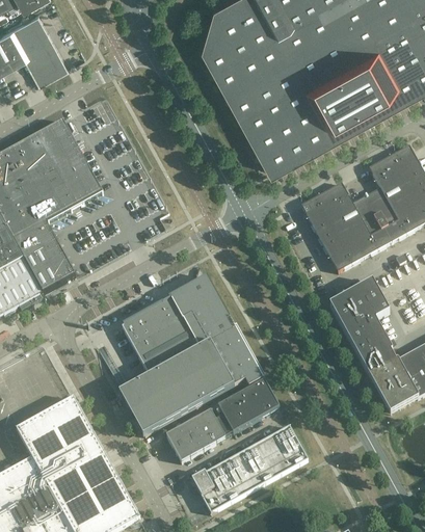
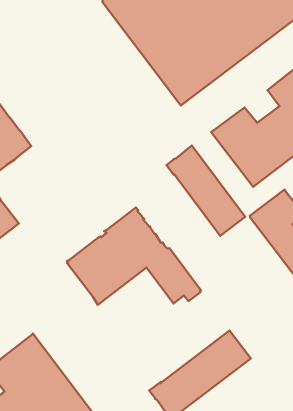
building: none -> [166,145,245,236]
building: [115,343,234,435] -> none
building: [166,380,278,461] -> none

